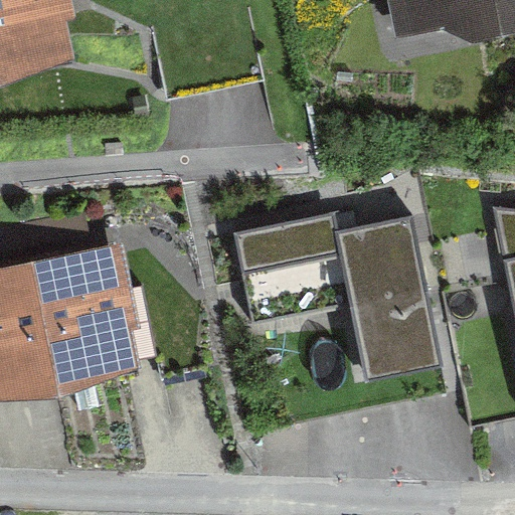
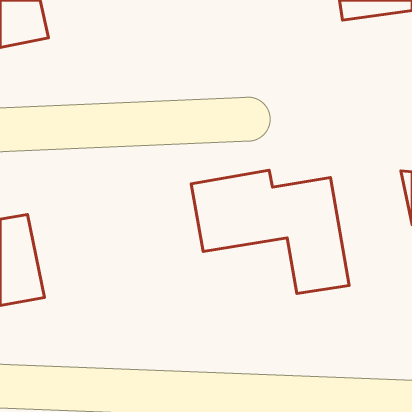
building: [34,252,129,371] -> none

